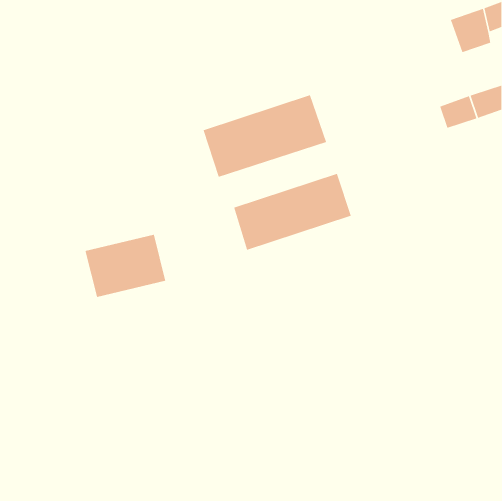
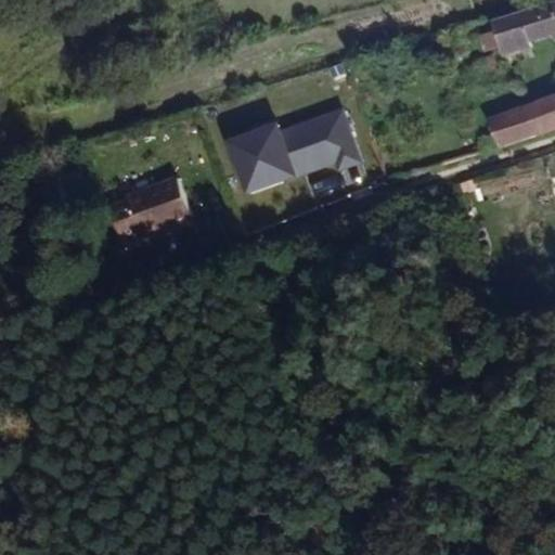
building: [233,173,352,251] -> none
building: [85,234,166,298] -> [104,178,194,248]

